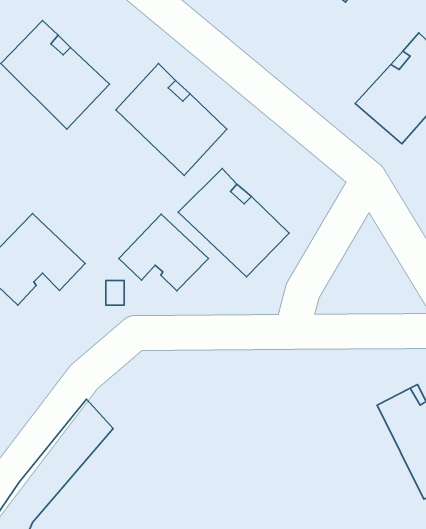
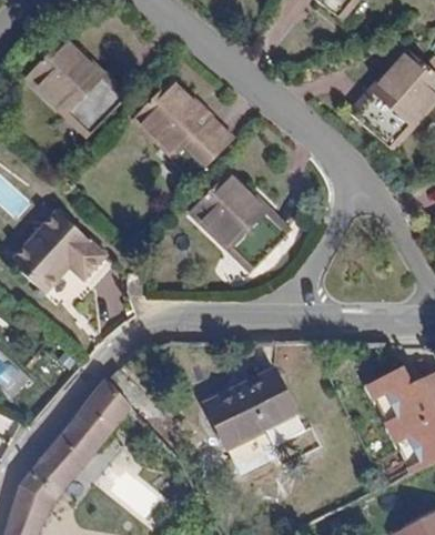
building: [119,214,209,291] -> none
building: none -> [206,369,297,448]

